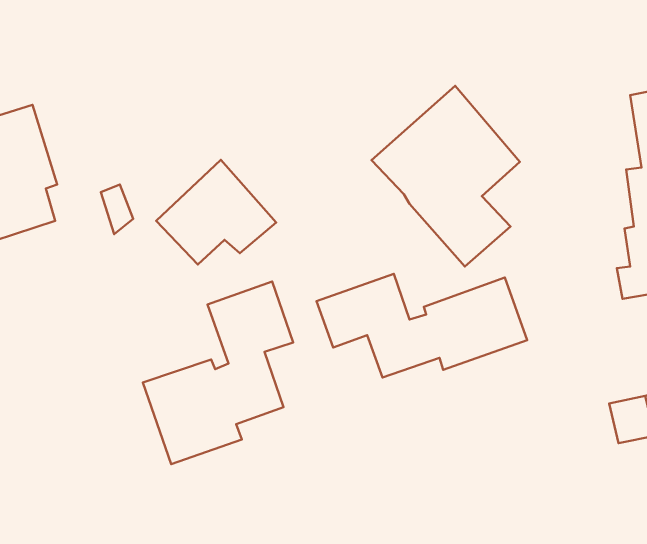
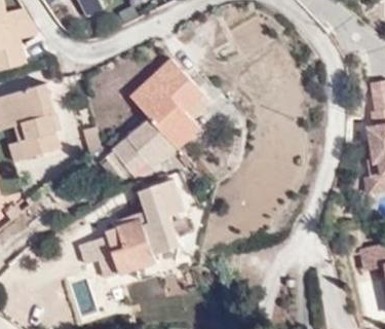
building: [372,86,520,267] -> [123,51,203,149]
building: [316,274,527,378] -> none

